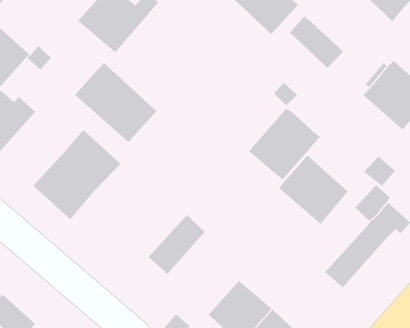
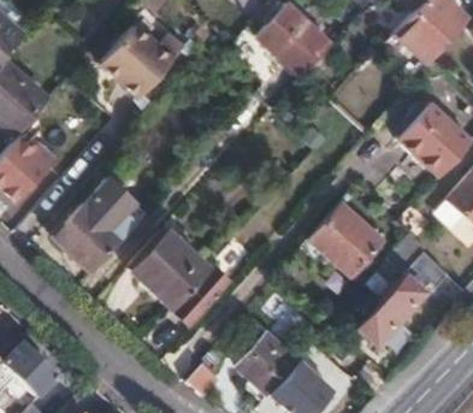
building: [289,16,344,69] -> none
building: [74,62,157,143] -> none
building: [248,108,321,181] -> none
building: none -> [128,229,211,309]

